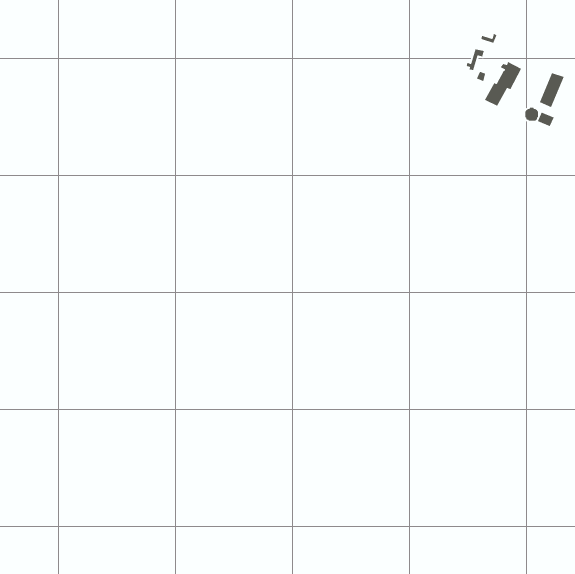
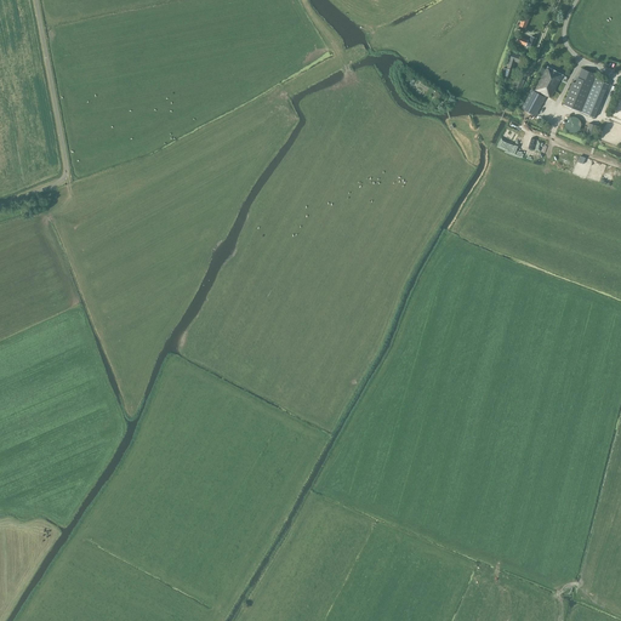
building: none -> [563,69,596,110]

